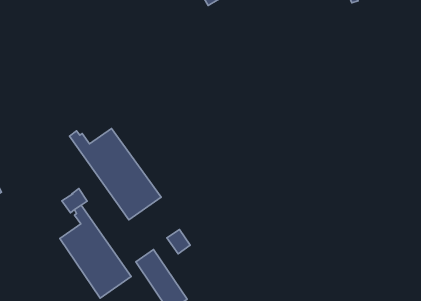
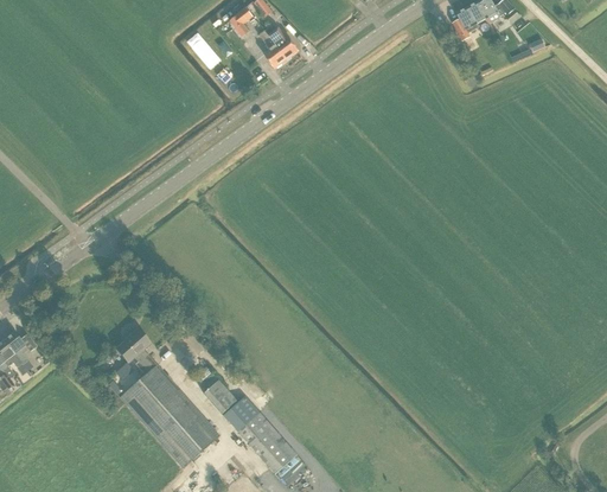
building: [70,128,161,220] -> none
building: [167,229,190,254] -> [204,379,236,411]

